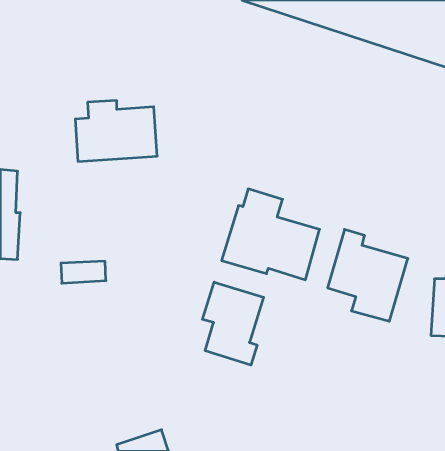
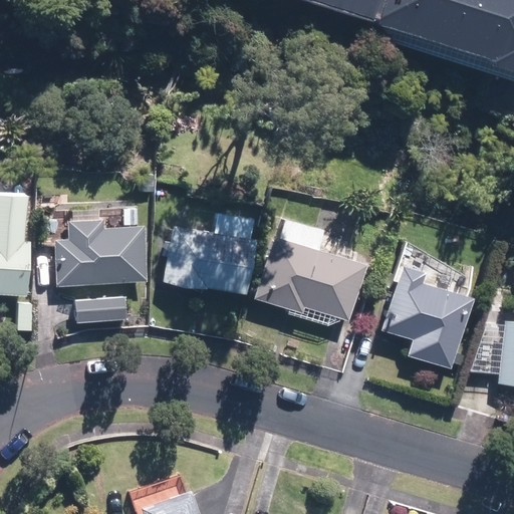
building: [75,101,157,161] -> [54,218,148,287]
building: none -> [161,213,254,294]
building: [202,282,264,365] -> none

